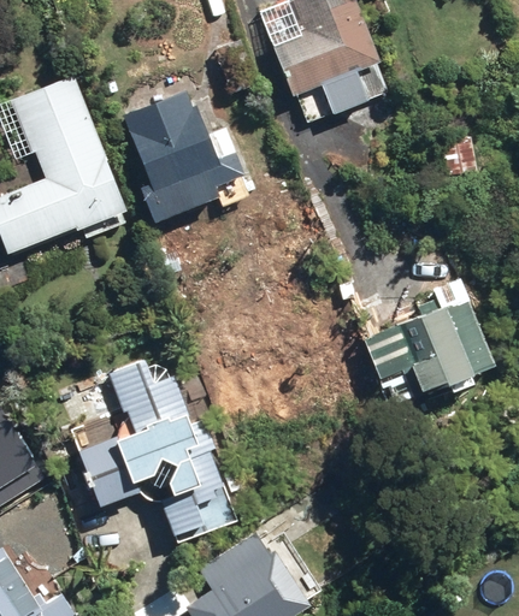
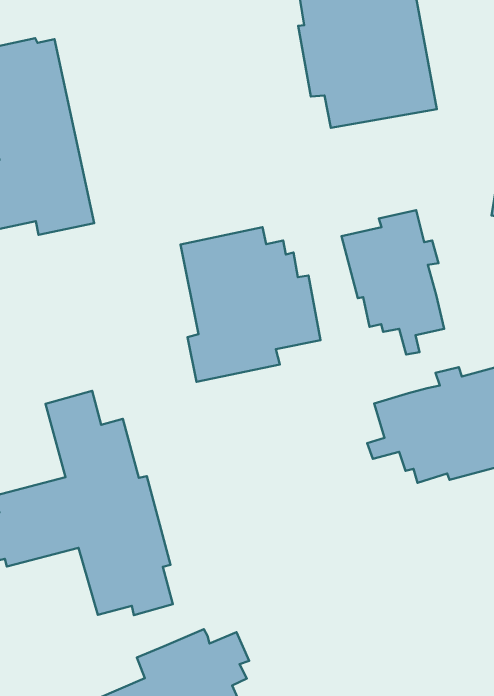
building: [124,93,247,224] -> [181,227,321,382]
building: none -> [341,210,444,355]

